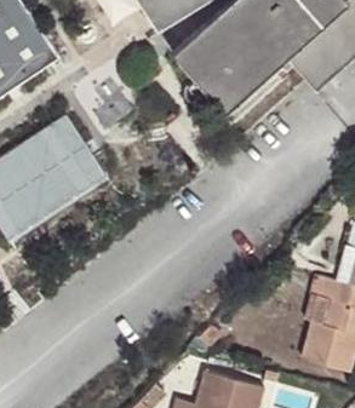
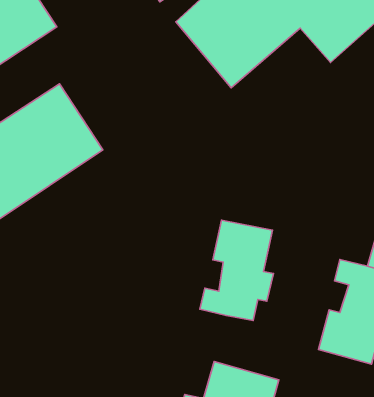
building: none -> [200,220,273,321]

